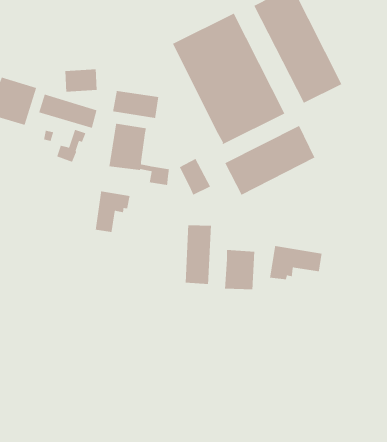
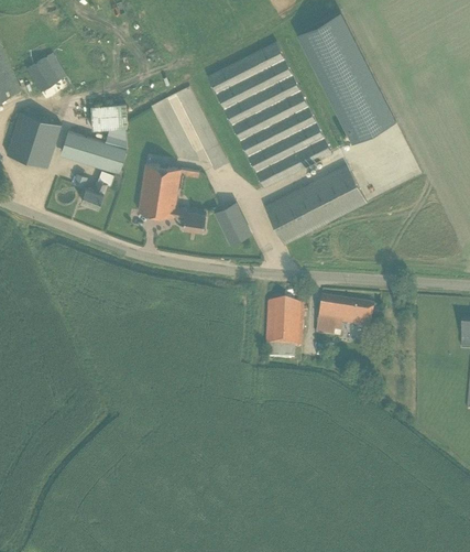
building: none -> [26,53,66,91]
building: [112,90,159,119] -> none
building: [95,191,131,233] -> none
building: [185,224,212,285] -> none

